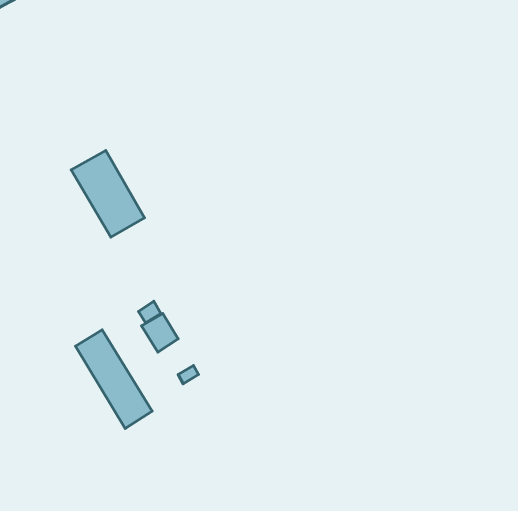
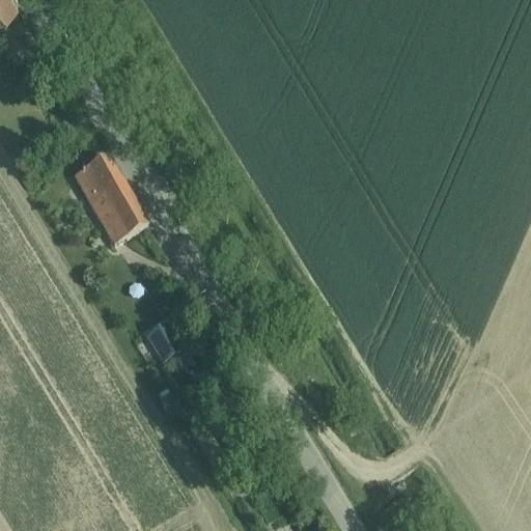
building: [75,330,152,428] -> none

